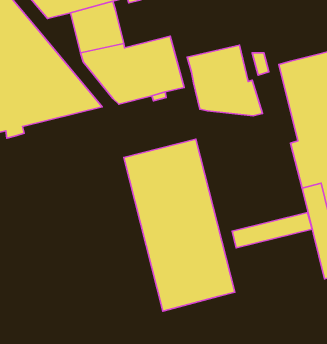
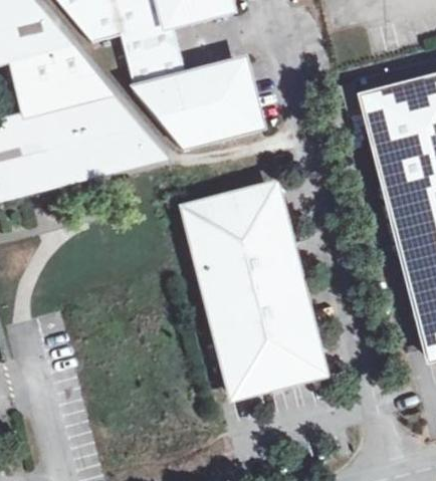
building: [187,45,262,116] -> none
building: [232,213,312,248] -> none

